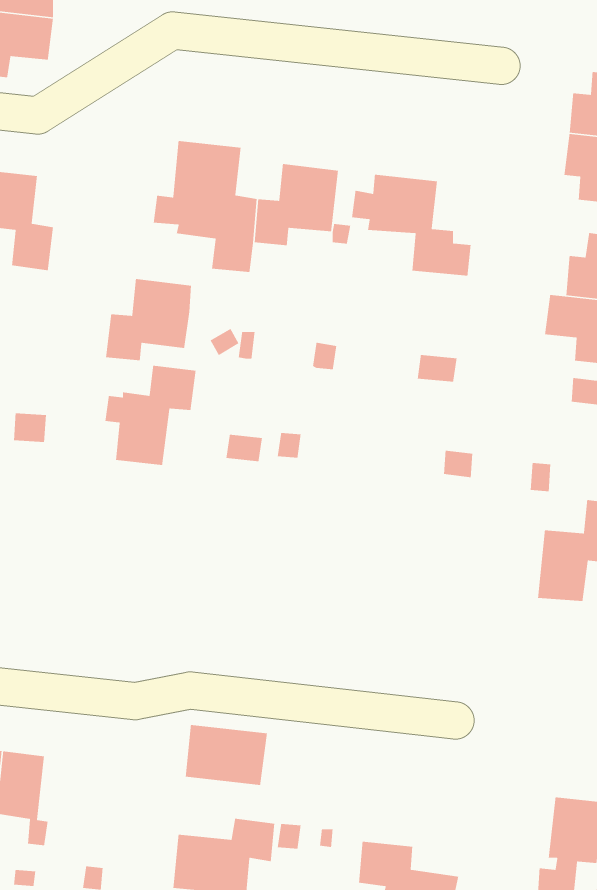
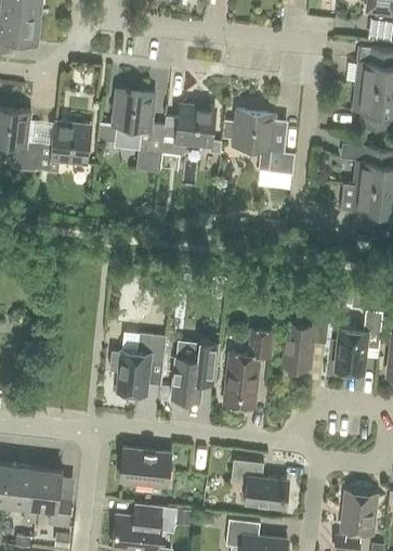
building: [105,278,192,361] -> [37,121,90,172]
building: [105,365,197,466] -> [110,333,167,395]
building: none -> [283,309,329,368]
building: none -> [224,329,273,408]
building: none -> [171,342,219,401]
building: none -> [231,460,286,509]
building: none -> [30,467,71,527]

